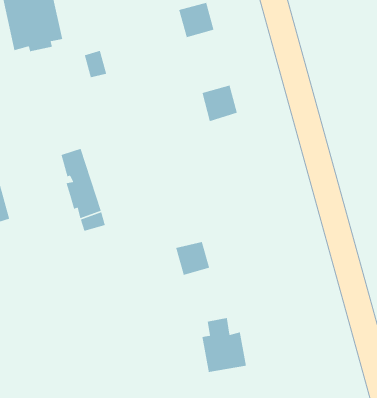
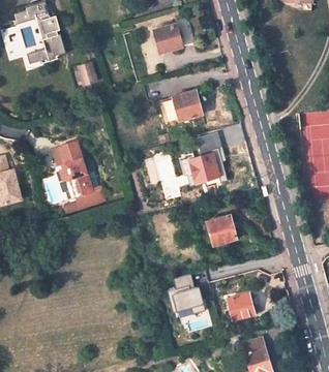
building: none -> [191,153,218,182]
building: [175,241,210,276] -> [208,216,236,244]
building: none -> [228,291,257,318]

